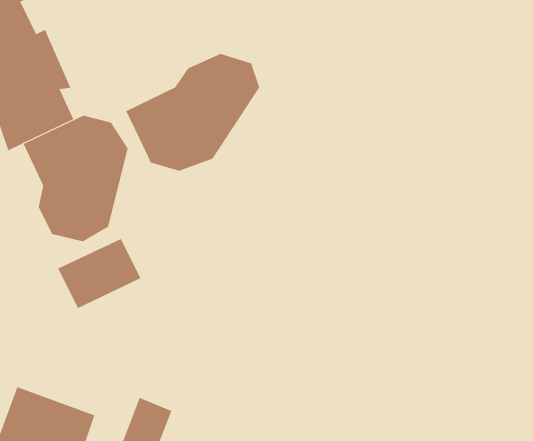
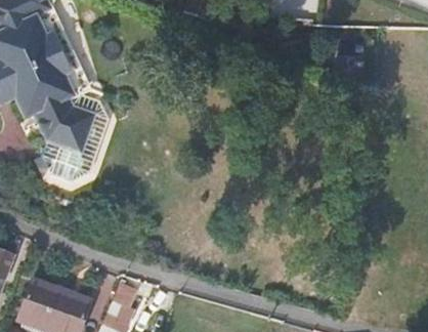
building: [125,53,260,171] -> none
building: [58,238,141,309] -> none

